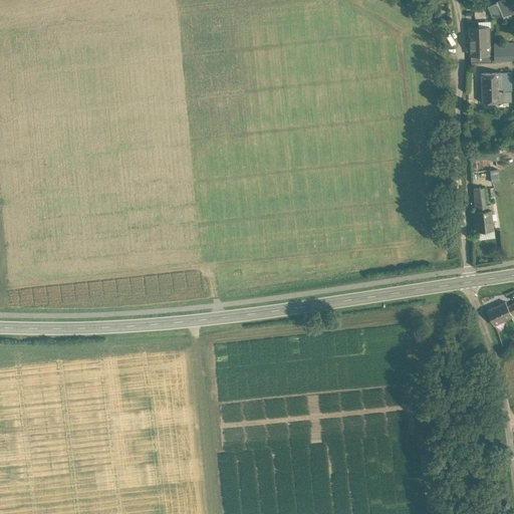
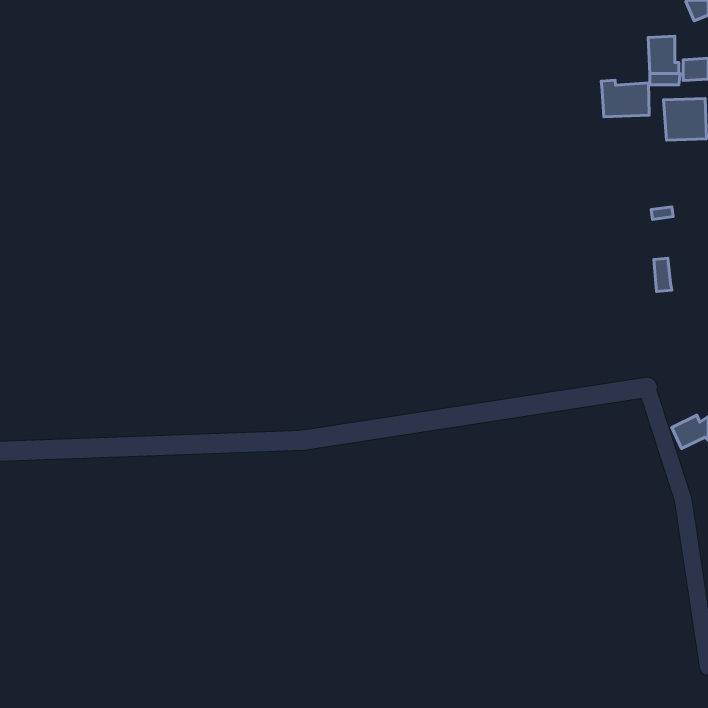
building: none -> [601,80,649,117]
building: [475,205,495,232] -> none

